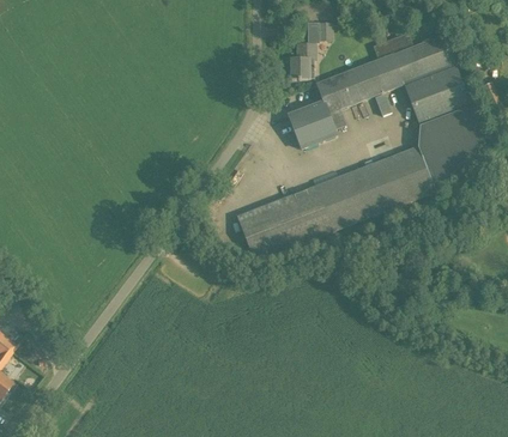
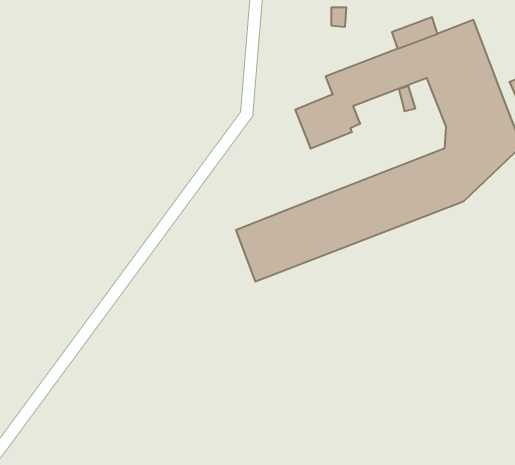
building: [290,31,316,78] -> none

